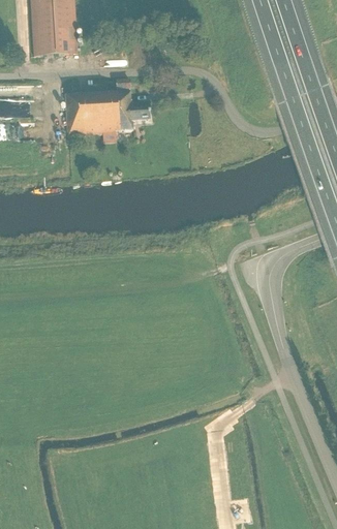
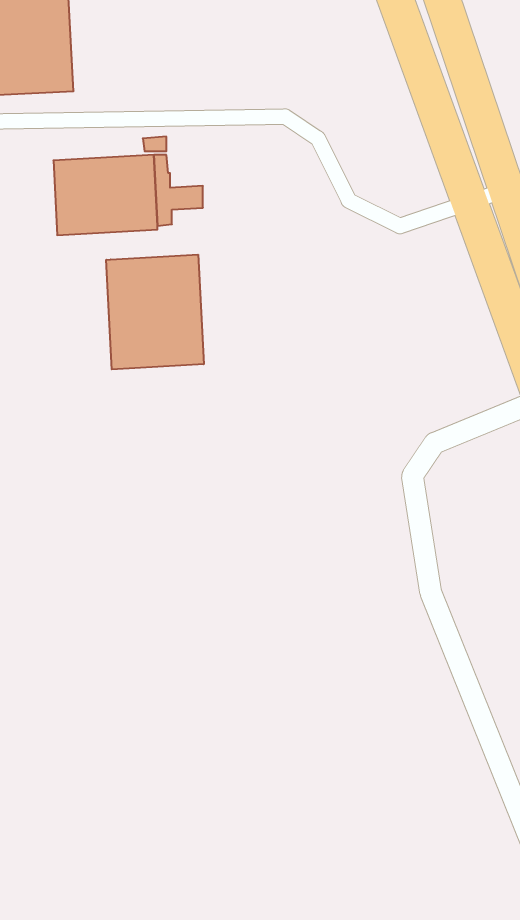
building: none -> [106,255,204,369]

